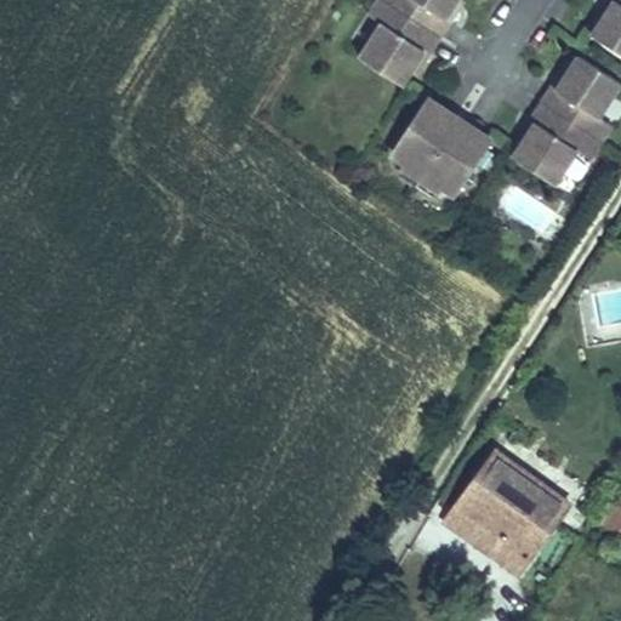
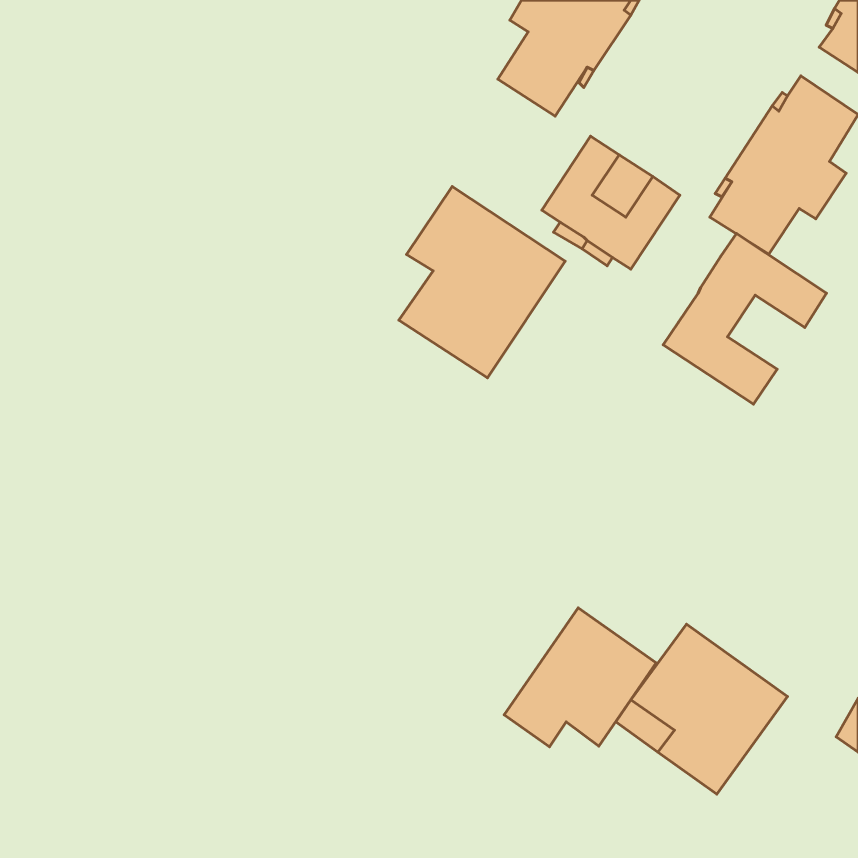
building: none -> [399,186,565,378]
building: none -> [663,234,827,404]
building: none -> [504,608,656,747]

